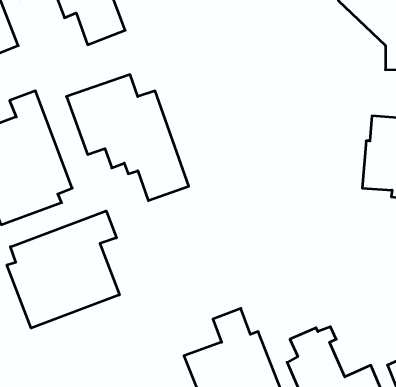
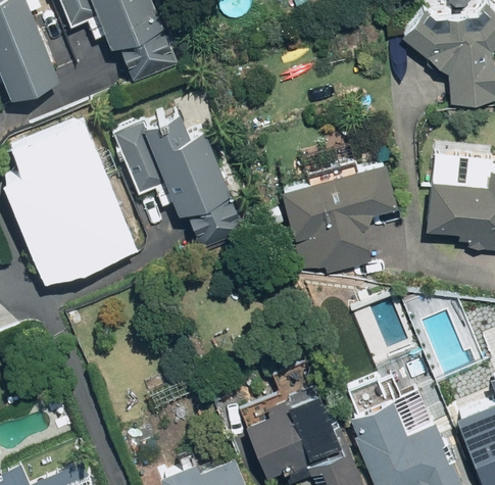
building: none -> [283,165,396,276]
building: [7,211,119,328] -> none

